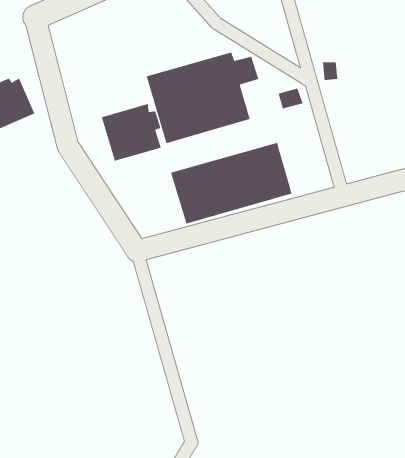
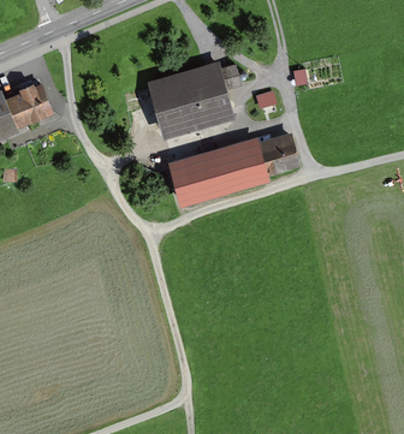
building: [101,103,162,162] -> none
building: none -> [259,132,301,174]

